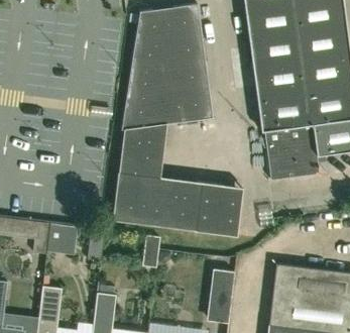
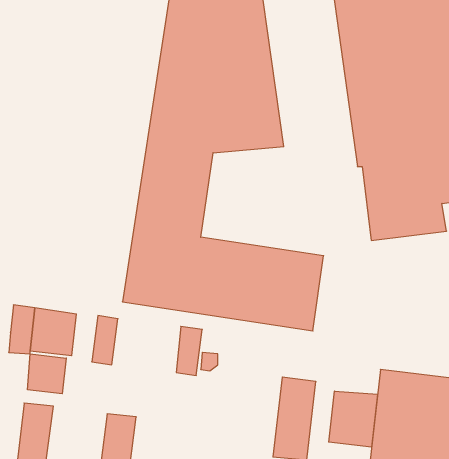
building: none -> [28,354,66,394]
building: none -> [329,391,378,447]

